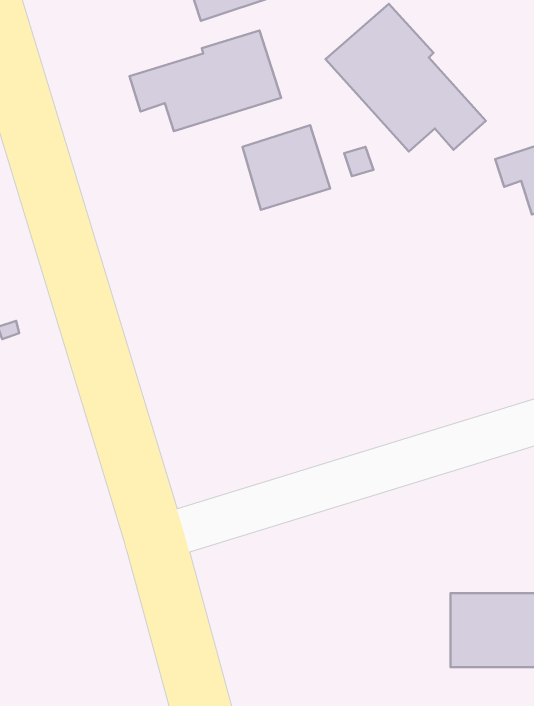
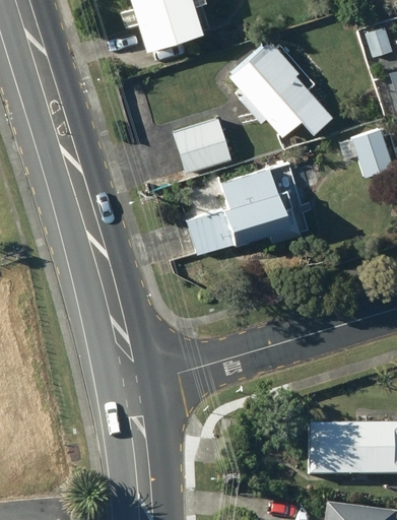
building: [130,31,281,131] -> none
building: none -> [188,168,301,253]

